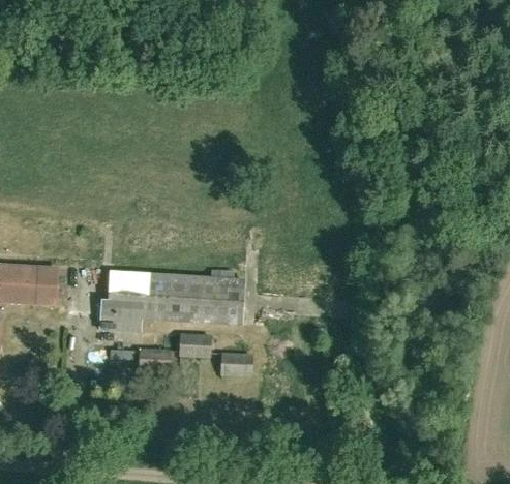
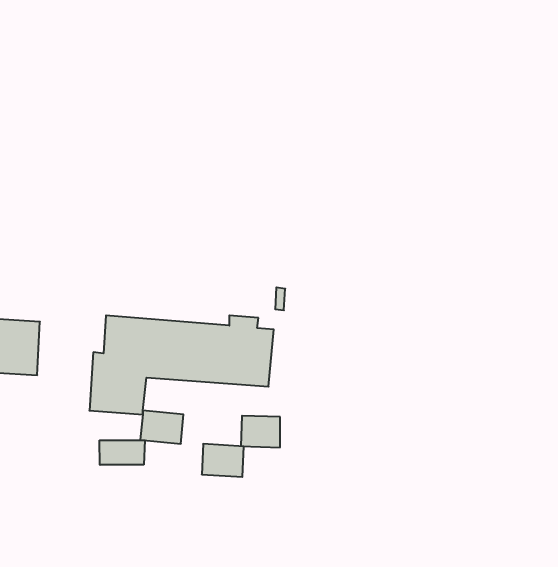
building: [178,330,212,357] -> [202,444,244,477]
building: none -> [100,440,145,465]

